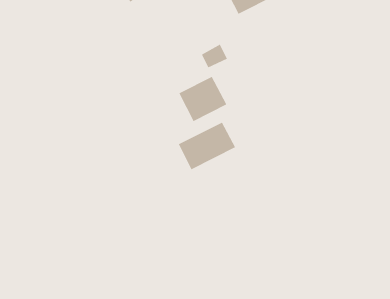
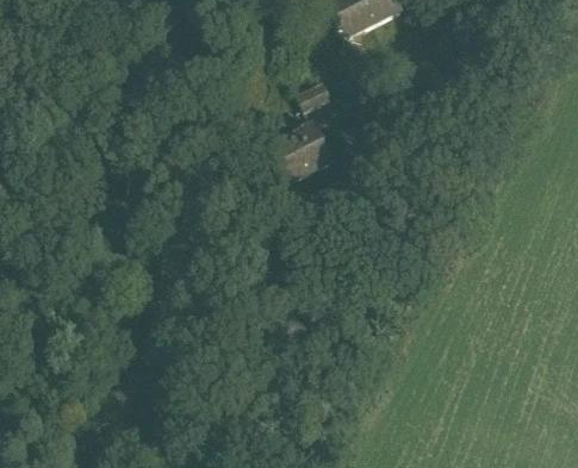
building: [178,122,236,170] -> none

